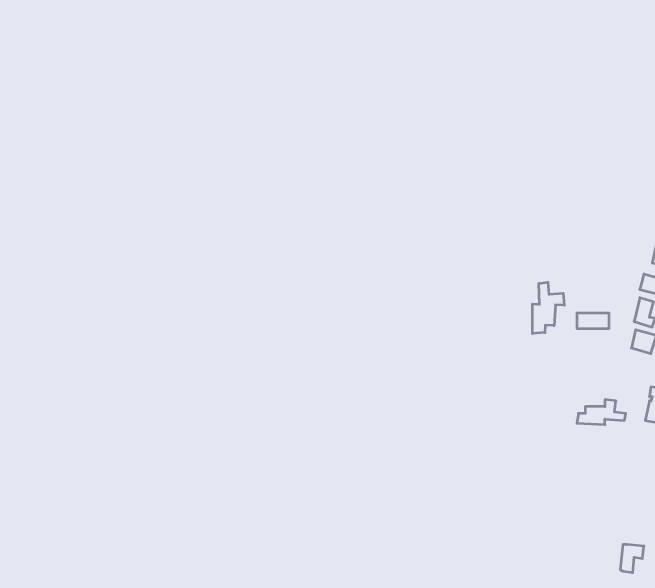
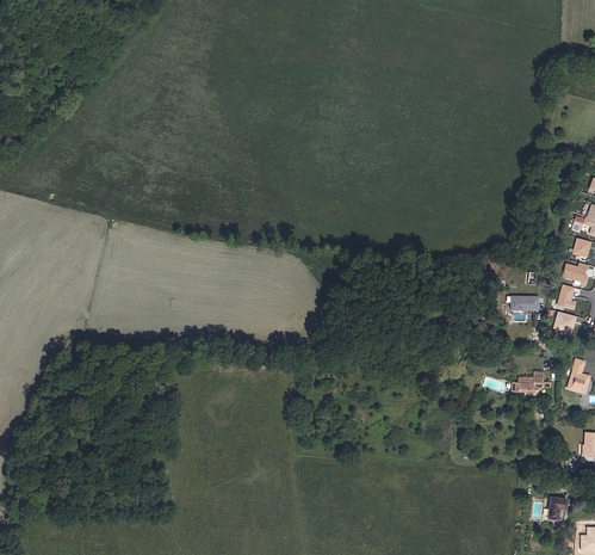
building: [532,282,564,334] -> none

